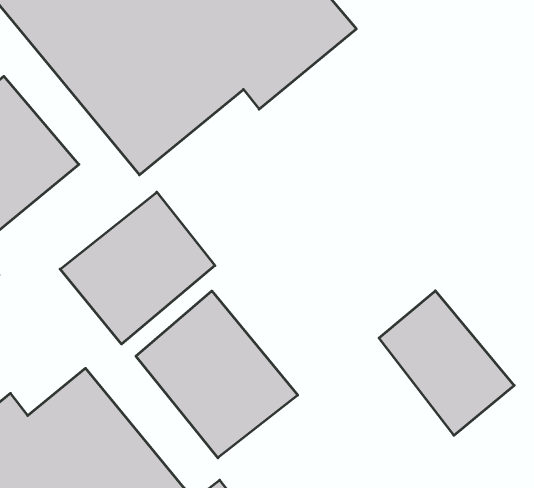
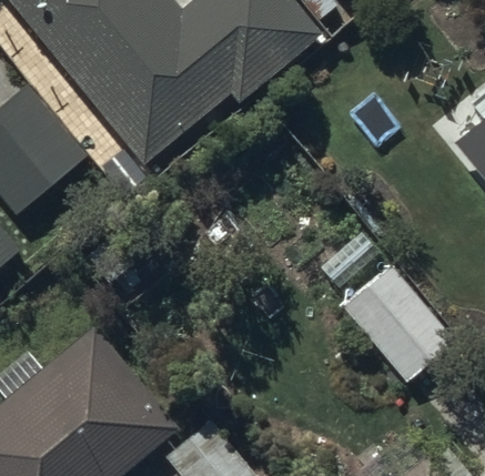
building: [60,192,215,344] -> none
building: [136,291,298,458] -> none

